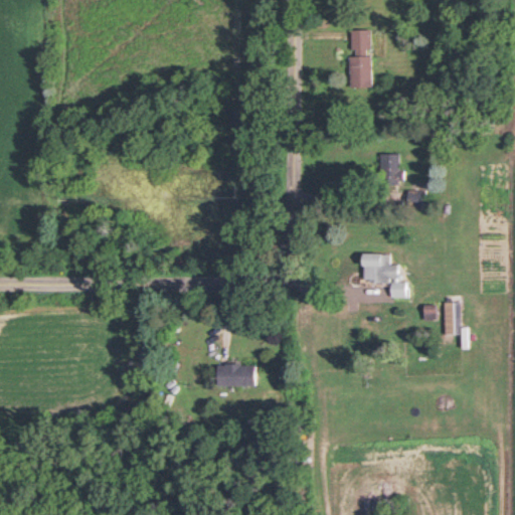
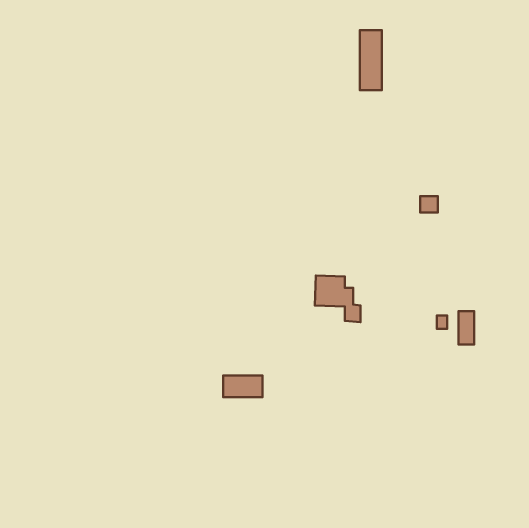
building: [381,153,400,184] -> none
building: [361,252,405,298] -> [315,275,360,322]

